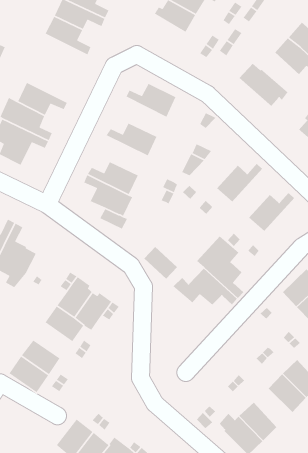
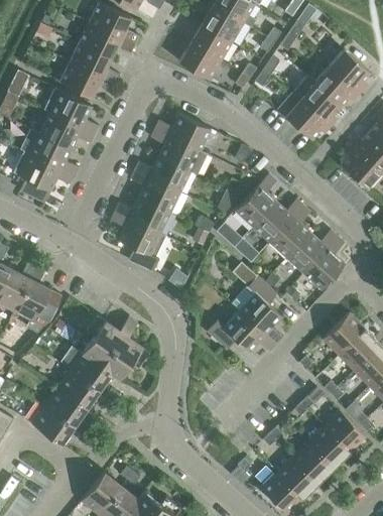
building: none -> [177,40,220,80]
building: none -> [58,61,115,98]
building: none -> [291,75,341,124]
building: none -> [43,89,98,135]
building: none -> [150,129,207,175]
building: none -> [130,170,179,213]
building: none -> [235,174,276,227]
building: none -> [269,206,309,258]
building: none -> [303,237,344,290]
building: [144,246,178,279] -> none
building: none -> [56,370,99,408]
building: none -> [292,440,334,482]

